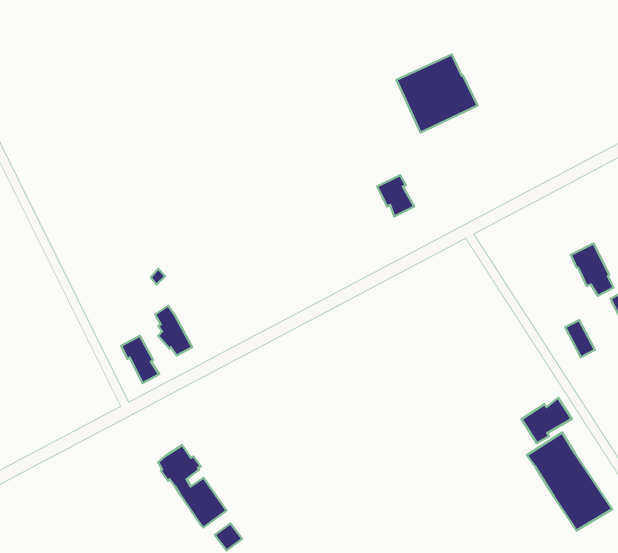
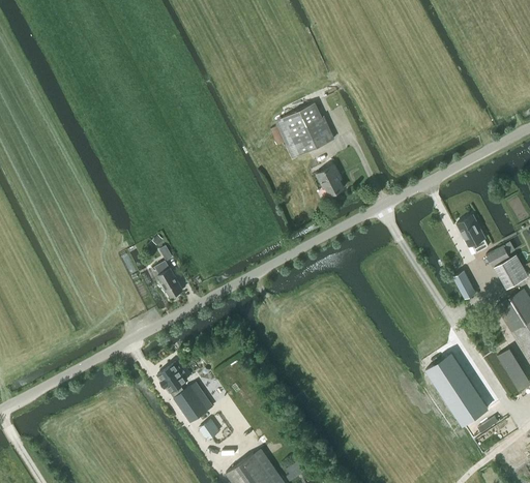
building: [396,54,478,133] -> [275,102,334,159]
building: [121,336,159,383] -> none
building: [521,398,572,443] -> none

